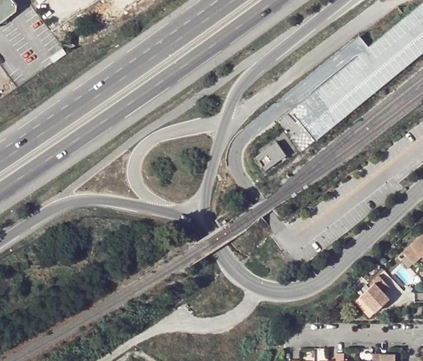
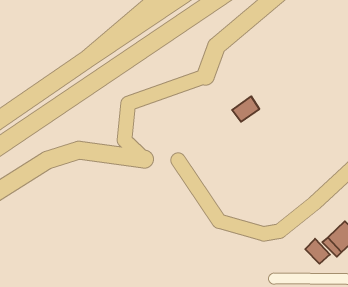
building: none -> [305,239,330,264]

